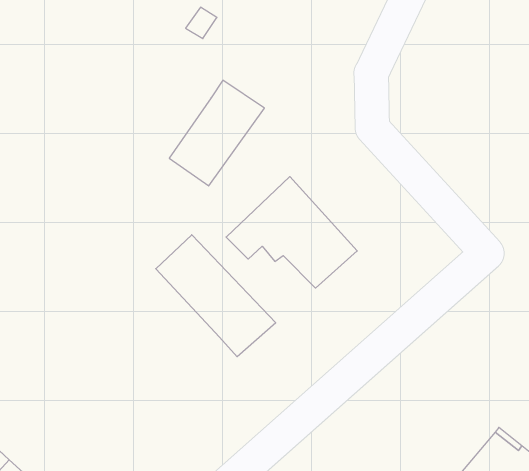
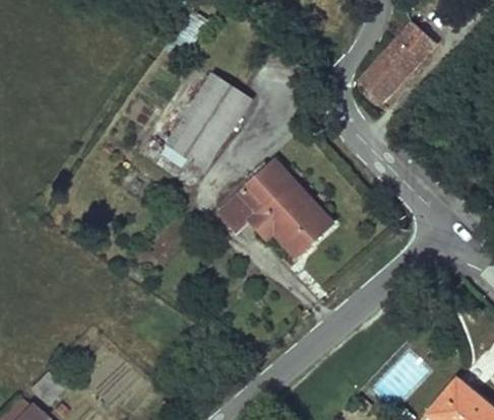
building: none -> [360,20,436,99]
building: [156,235,276,357] -> none

